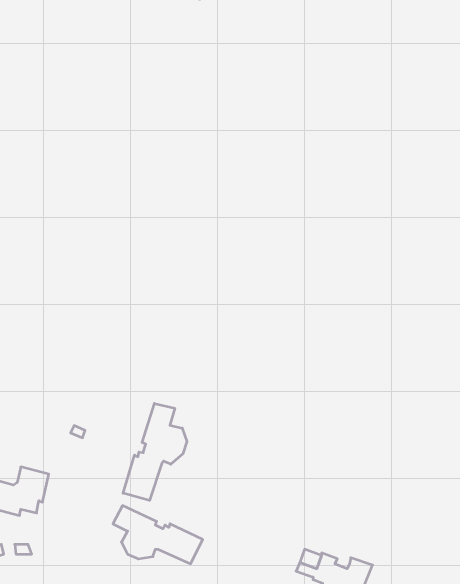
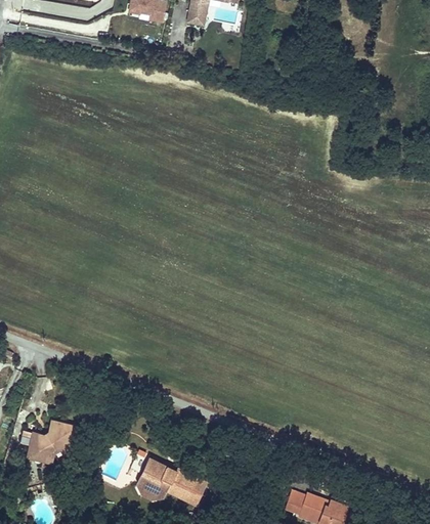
building: [123,403,187,500] -> none

